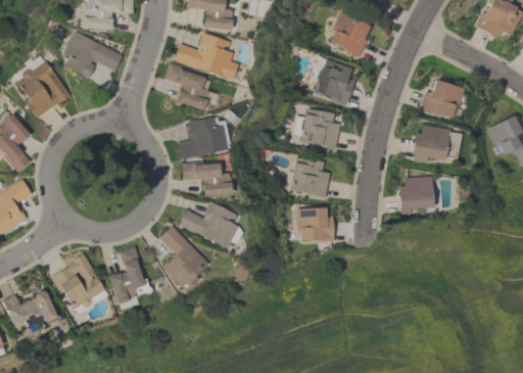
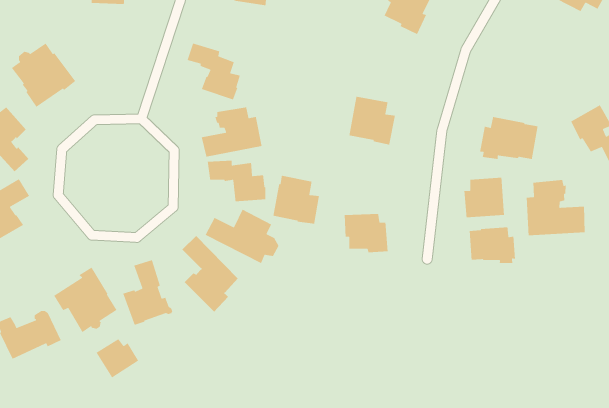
building: [63,32,123,78] -> none
building: [174,33,238,80] -> none
building: [313,58,354,104] -> none
building: [419,81,467,119] -> none
building: [290,155,330,197] -> [273,175,320,225]
building: none -> [526,179,586,236]
building: none -> [469,227,516,264]
building: none -> [95,338,139,378]

